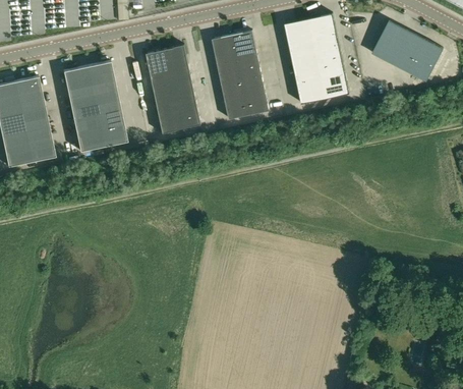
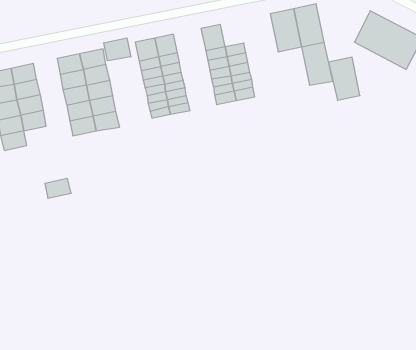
building: [233,31,257,58] -> none
building: none -> [104,38,131,61]
building: [293,58,326,103] -> [329,57,360,100]
building: [28,141,56,161] -> [45,178,71,198]

